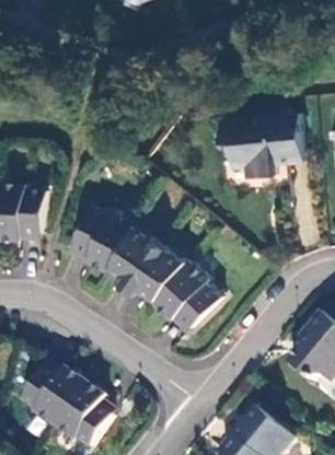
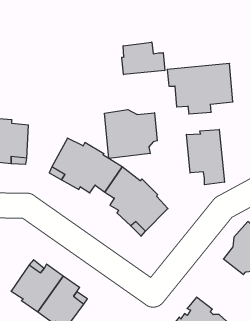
building: none -> [122,42,165,75]
building: none -> [105,110,157,158]
building: none -> [186,129,224,185]

